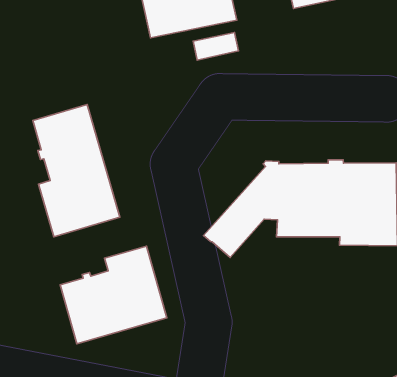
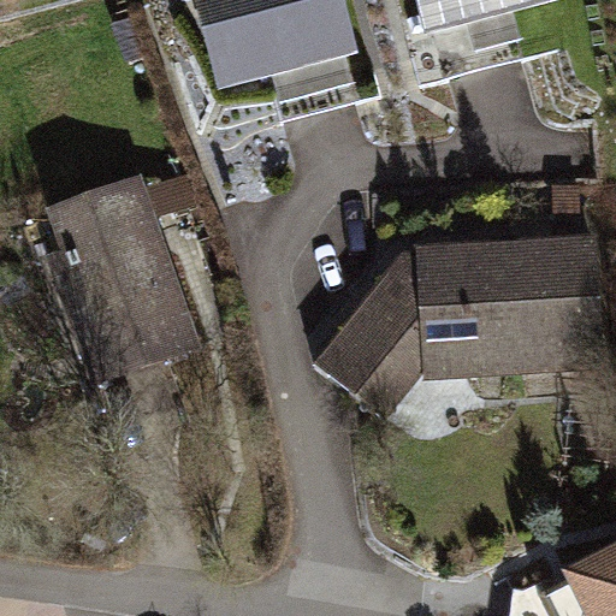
building: [60,246,167,344] -> none

